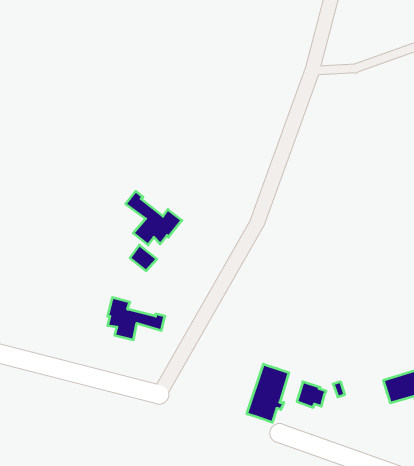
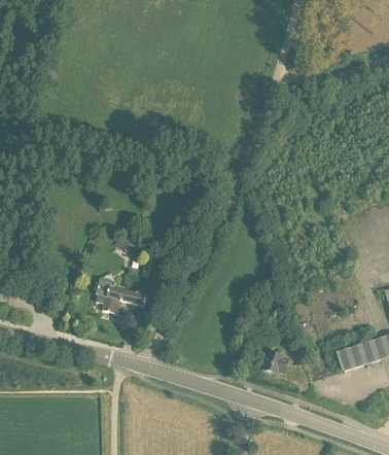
building: [126,191,182,245] -> none
building: [247,364,289,422] -> none

